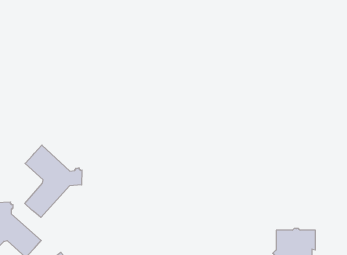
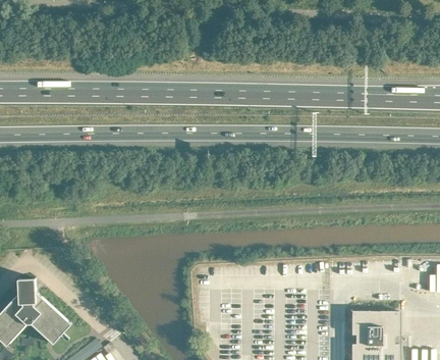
building: [25,145,82,217] -> none

